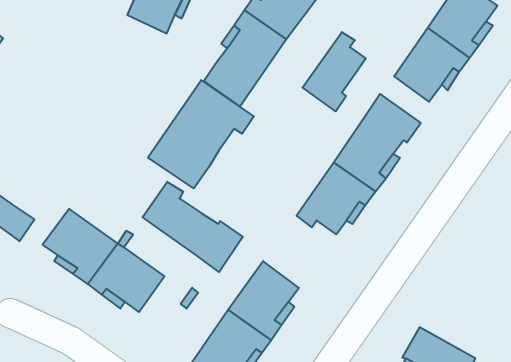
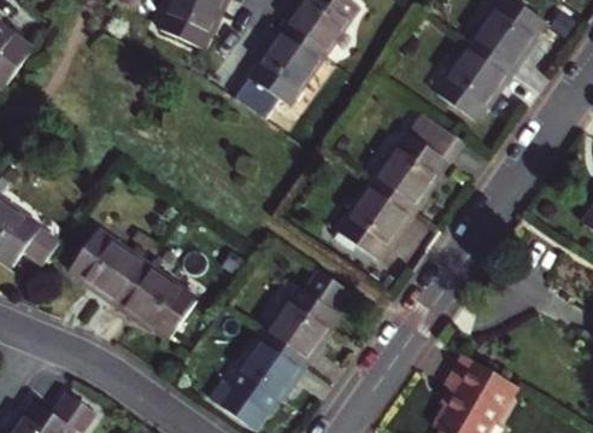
building: [302,32,366,111] -> none
building: [148,80,254,188] -> none
building: [143,182,243,272] -> none

